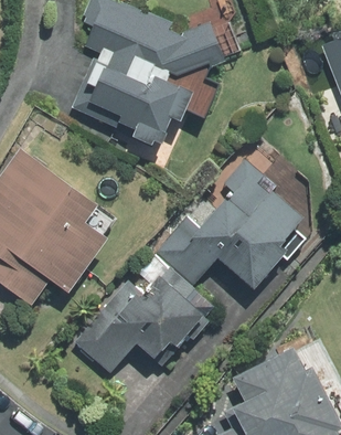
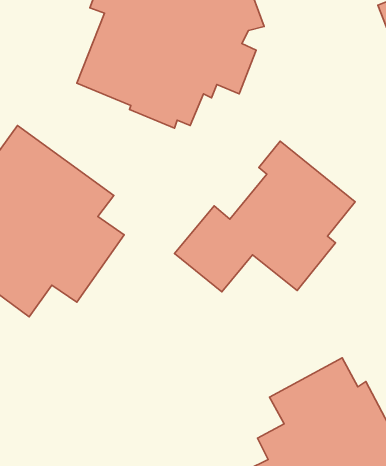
building: [71,261,214,375] -> none

